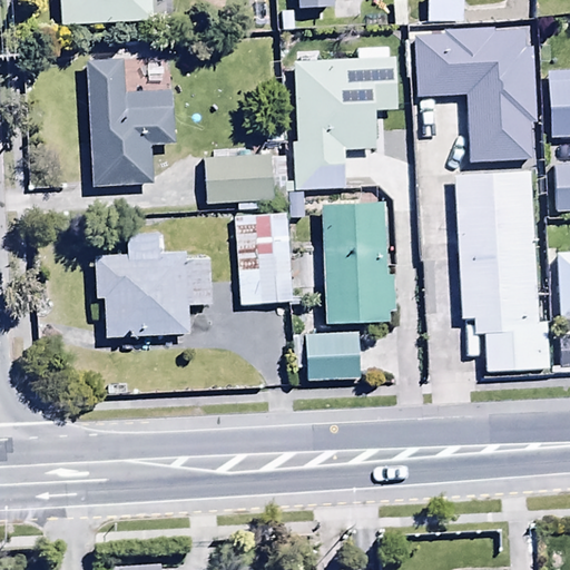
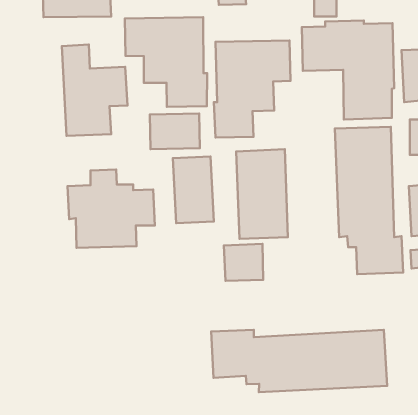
building: none -> [125,17,207,107]
building: none -> [211,330,387,392]

